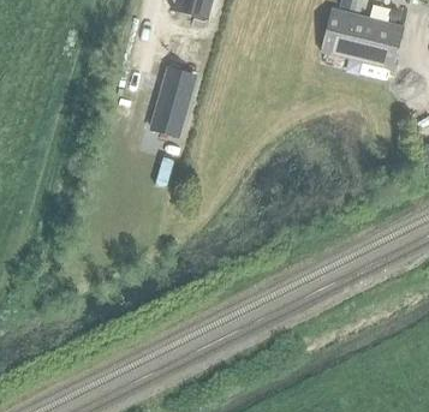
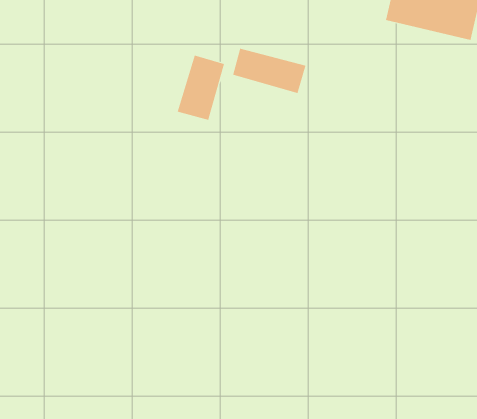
building: none -> [232,48,306,94]

